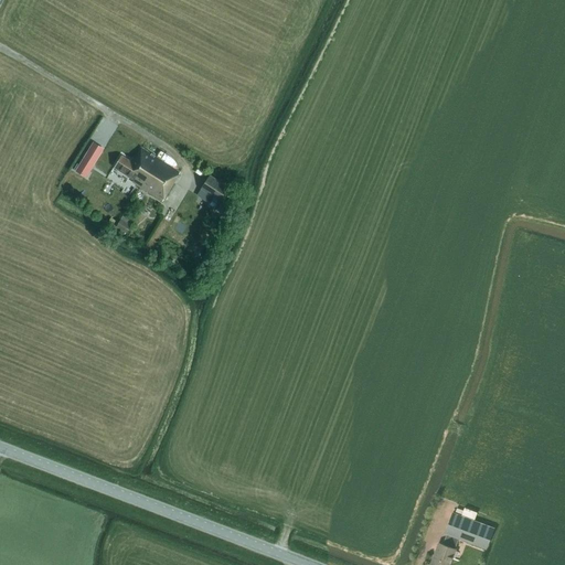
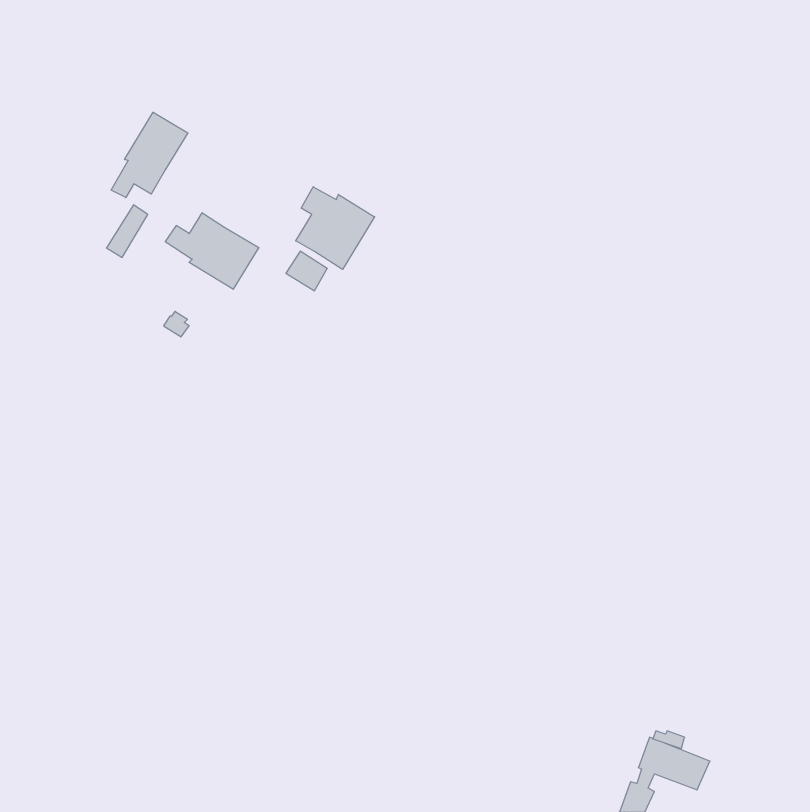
building: none -> [111,112,188,198]
building: none -> [296,187,375,269]

